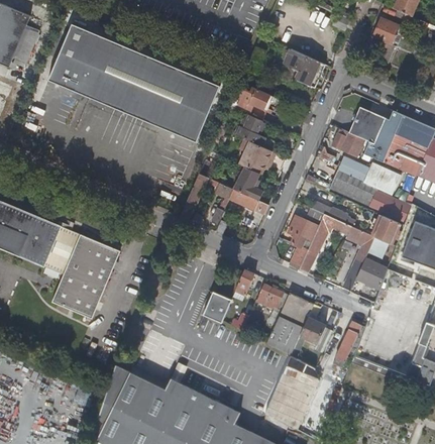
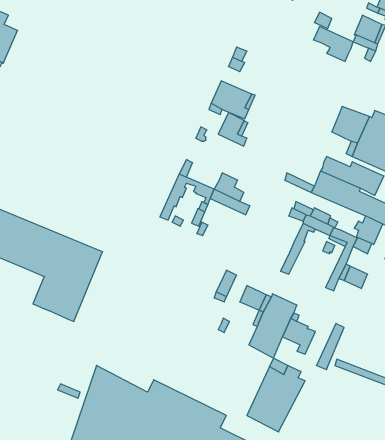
building: [45,24,217,141] -> none
building: [285,49,324,84] -> [313,27,353,61]
building: [330,128,362,157] -> none
building: [237,141,275,175] -> none
building: [288,217,315,269] -> none
building: [203,292,230,323] -> none

